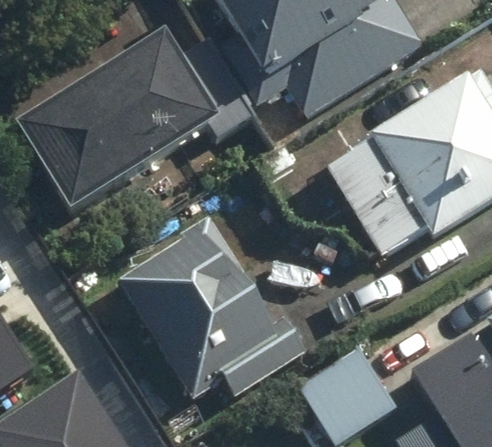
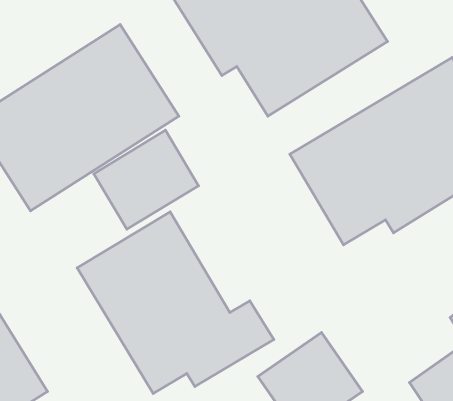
building: none -> [94,130,199,229]

